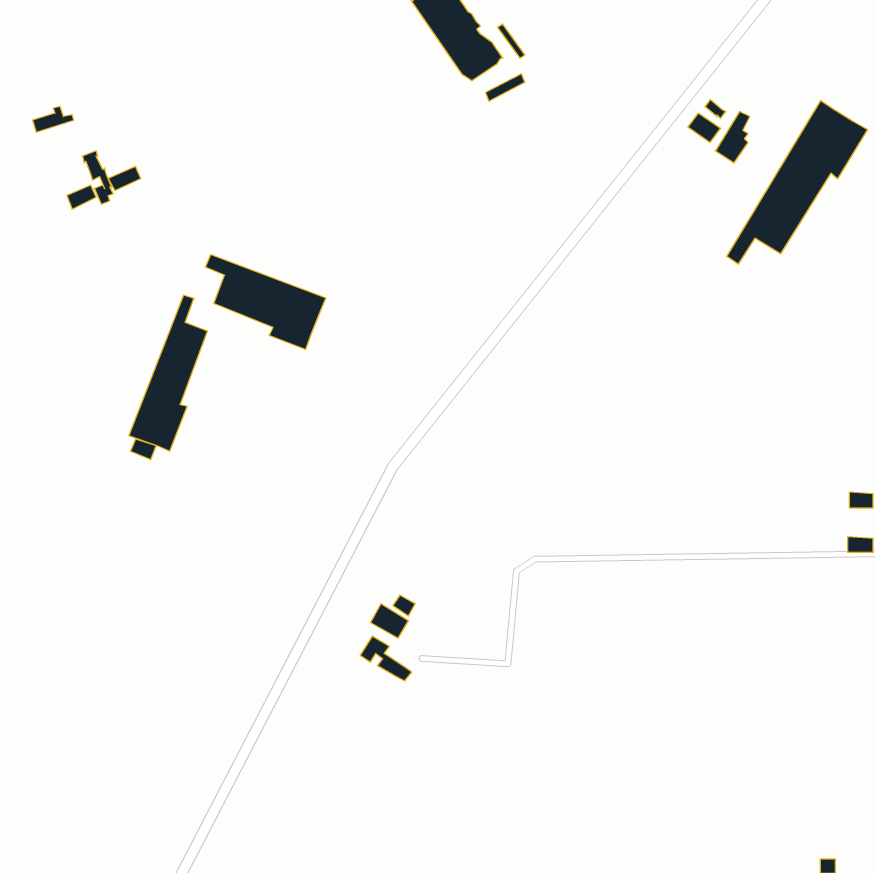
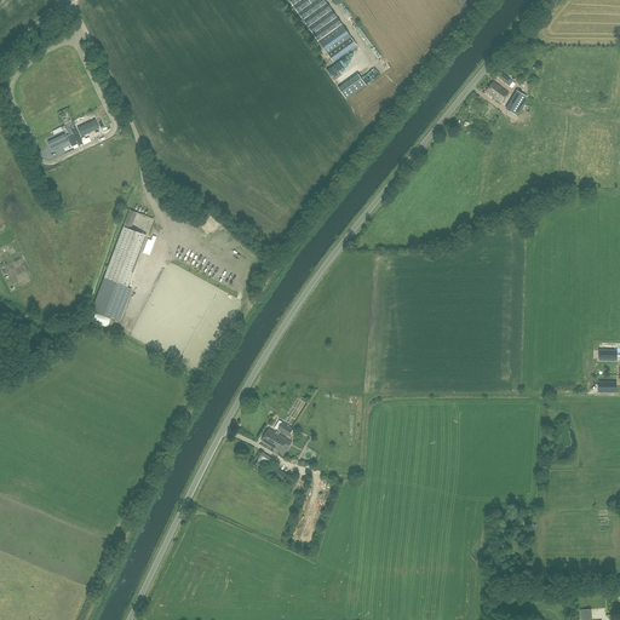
building: [727,101,868,264] -> none
building: [205,255,326,349] -> none

